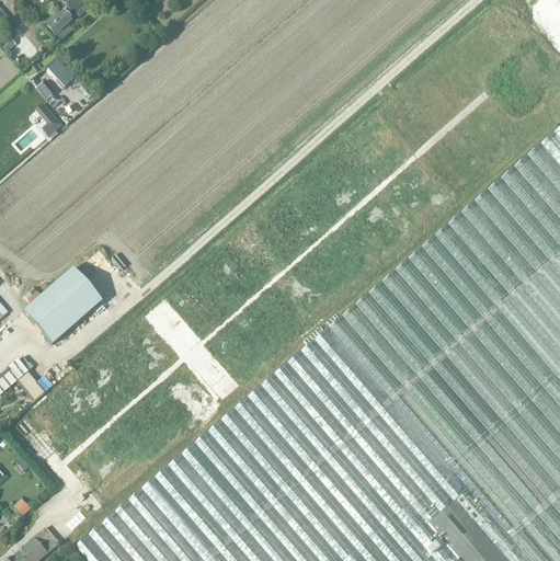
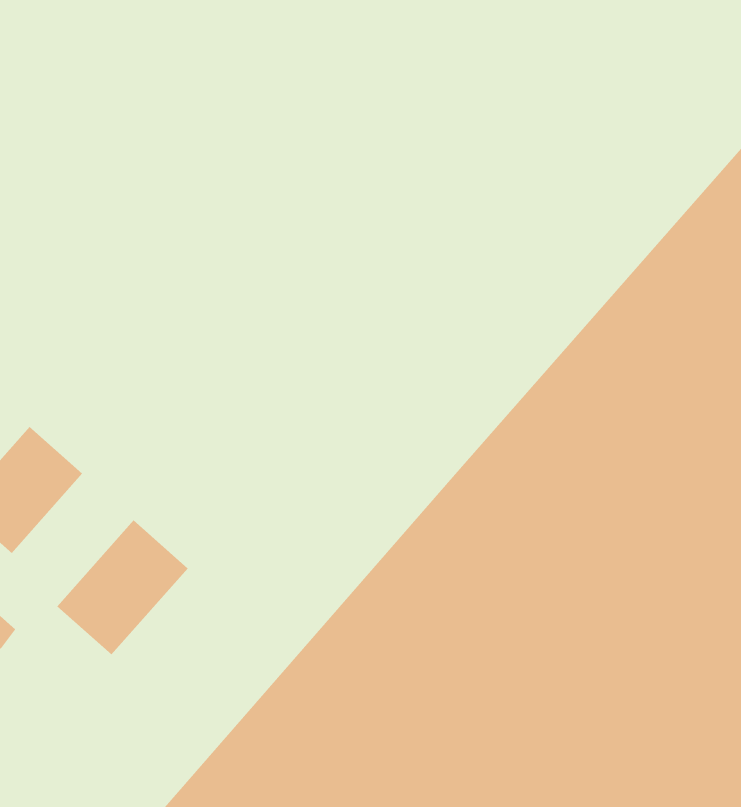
building: none -> [57,520,188,655]

